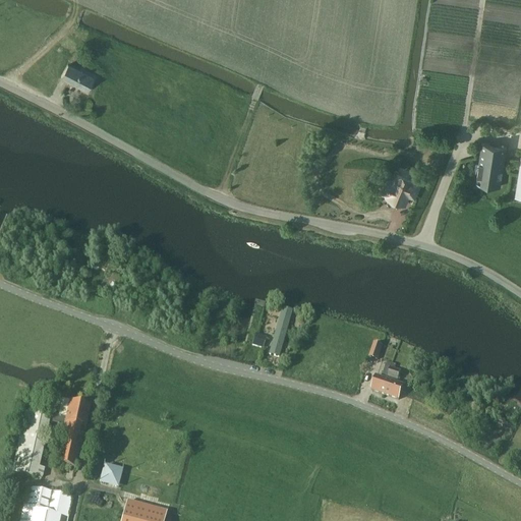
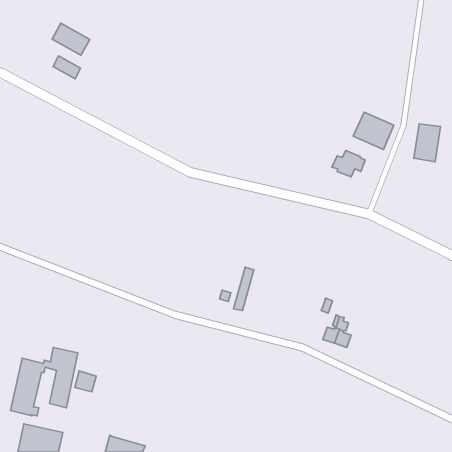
building: none -> [52,23,90,55]
building: none -> [353,112,394,149]
building: [100,463,124,487] -> [75,371,96,392]

